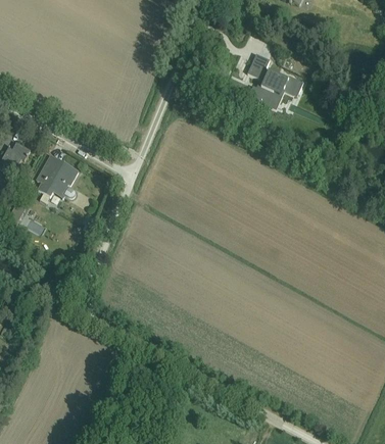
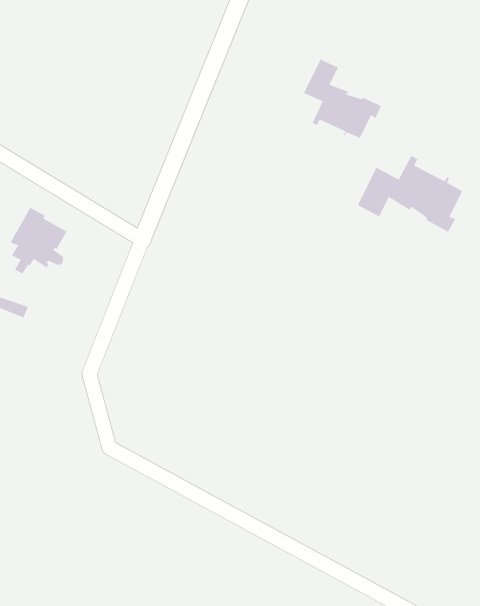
building: none -> [357,155,463,233]

